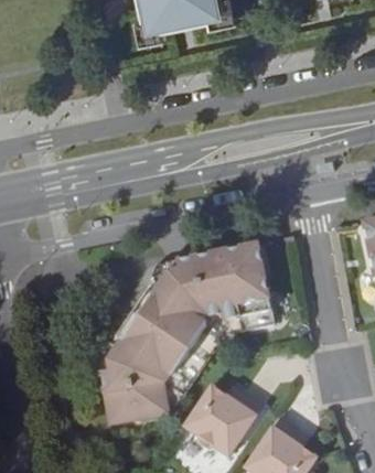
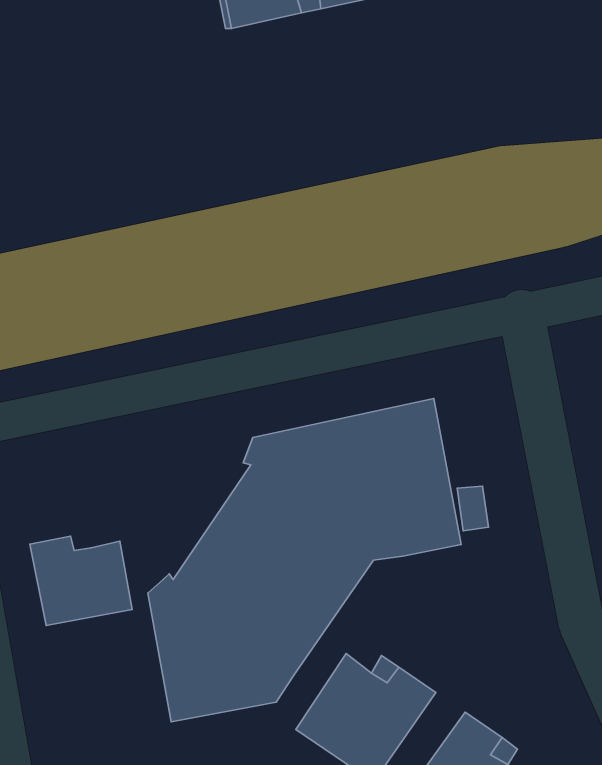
building: none -> [30,536,132,625]

